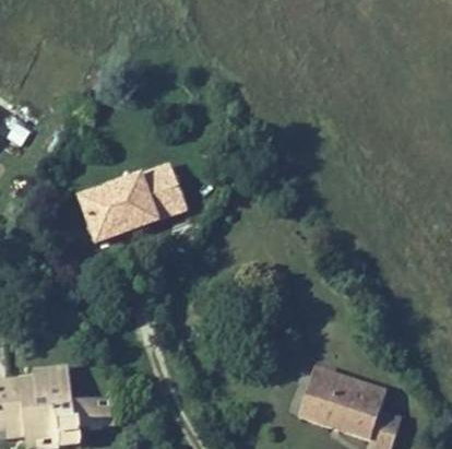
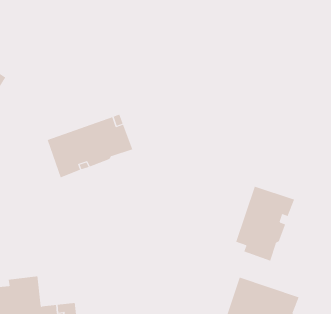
building: none -> [236,186,295,262]

